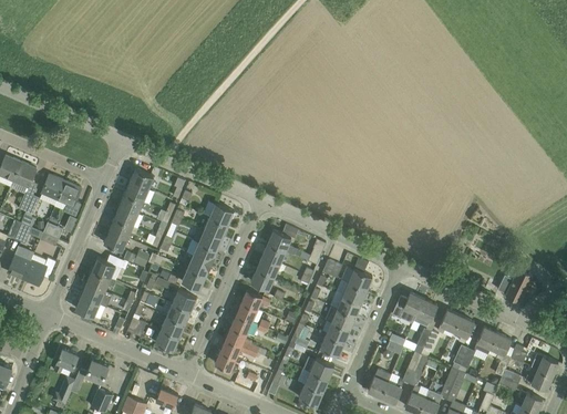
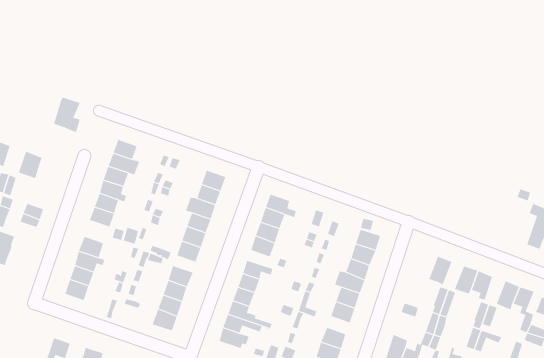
building: [54,182,81,216] -> [53,97,80,133]
building: [22,258,55,286] -> none
building: [391,292,423,323] -> none

